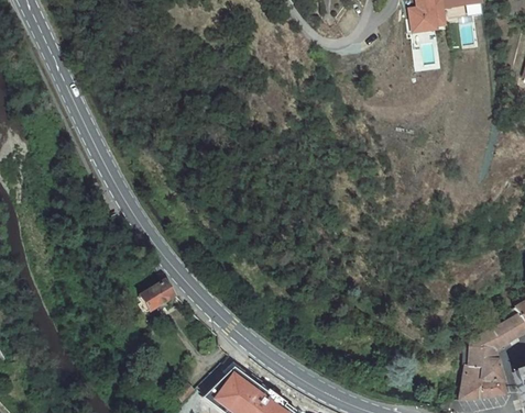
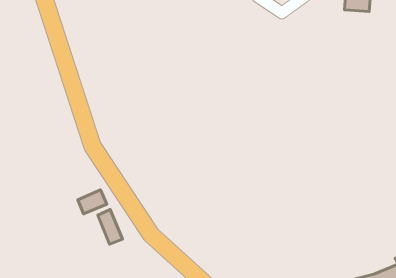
building: none -> [98,210,123,244]

